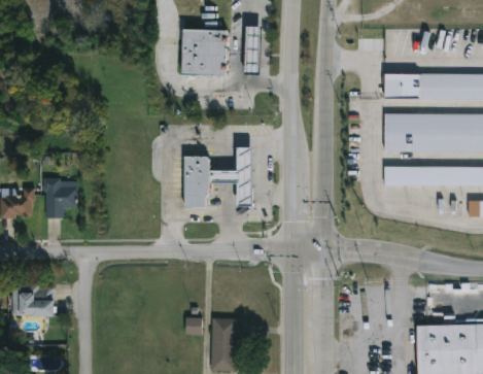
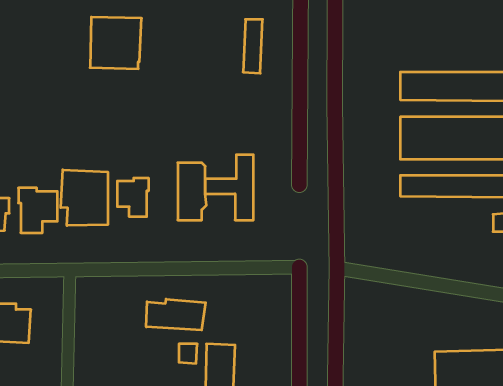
building: [180,29,227,75] -> [90,17,142,69]
building: none -> [61,170,108,226]
building: none -> [117,178,148,217]
building: none -> [146,299,206,330]

